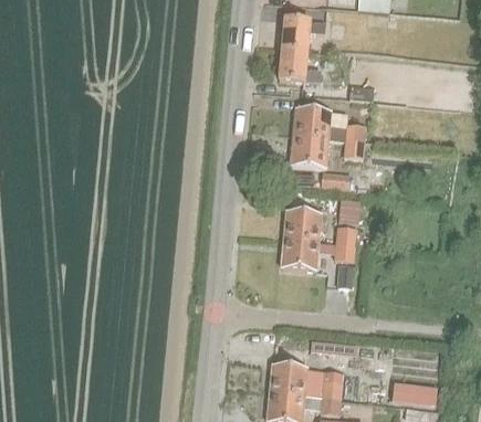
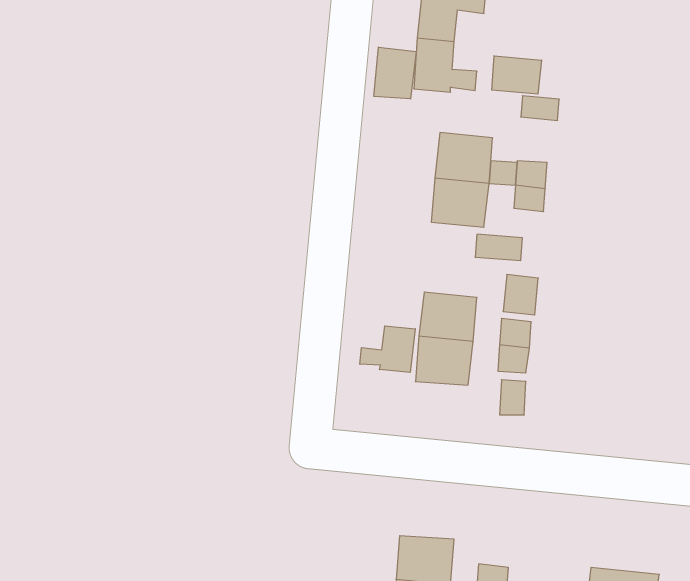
building: none -> [374,47,416,99]
building: none -> [492,56,542,94]
building: none -> [360,326,415,372]

